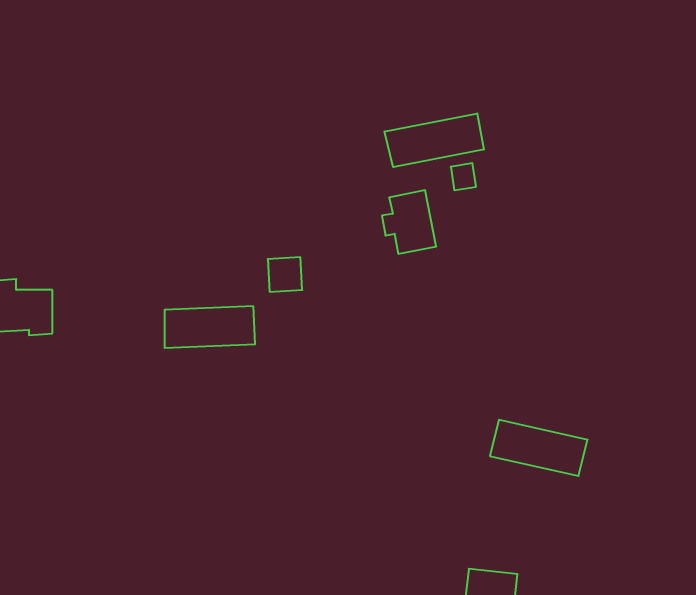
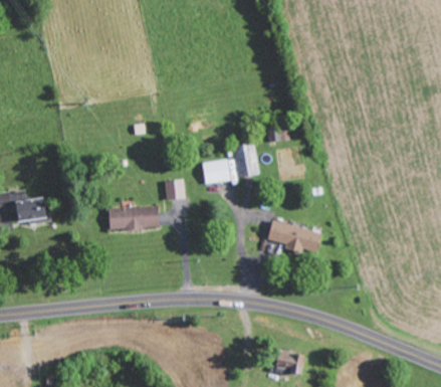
building: [385,113,484,167] -> none
building: none -> [202,159,231,184]
building: [490,420,588,476] -> [267,221,321,252]

